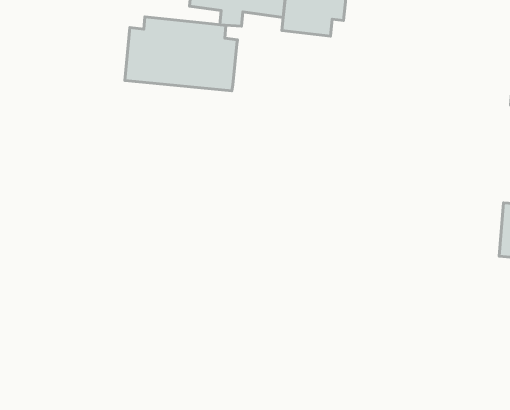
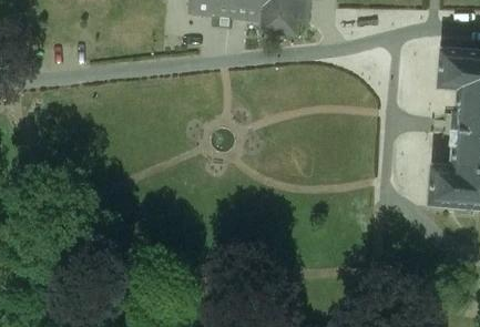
building: [125,17,238,91] -> none

